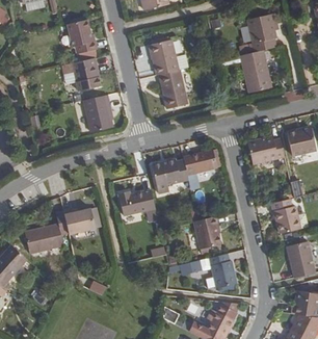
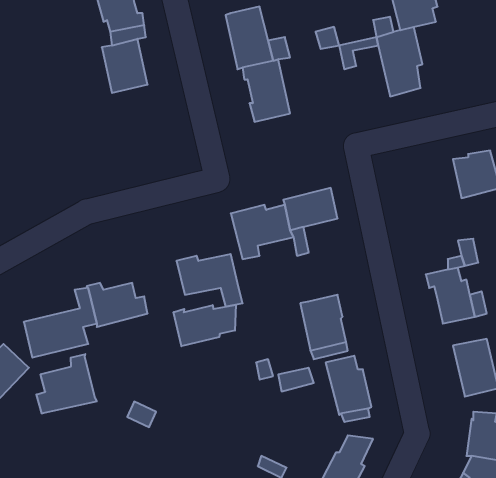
building: [83,95,112,132] -> none
building: [248,135,285,163] -> none
building: none -> [174,305,236,346]
building: none -> [36,354,97,414]

